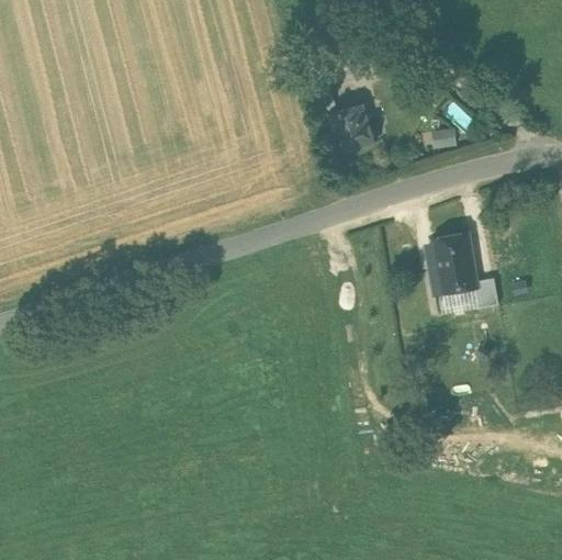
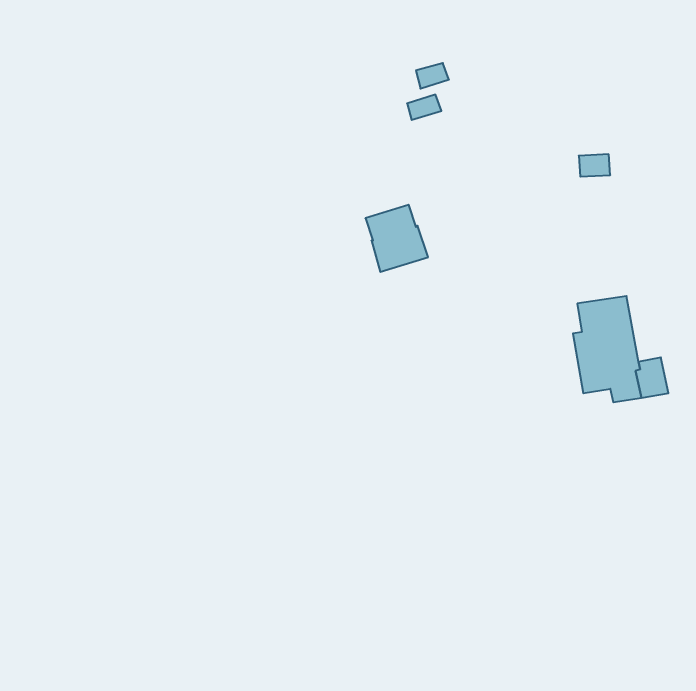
building: [328,103,374,153] -> [365,205,428,272]

